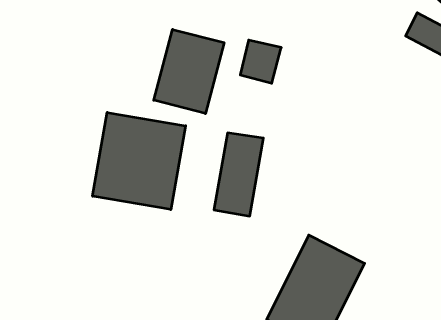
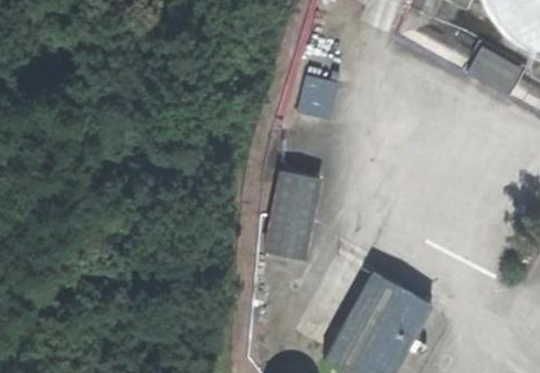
building: [154,29,224,114] -> none
building: [93,112,186,210] -> none

